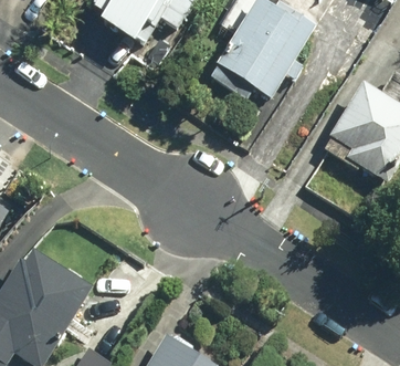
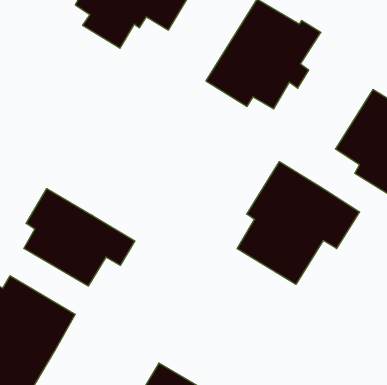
building: none -> [237,162,360,284]
building: none -> [24,189,135,286]

